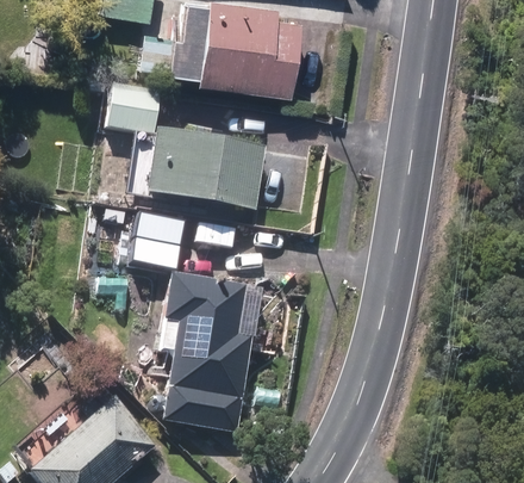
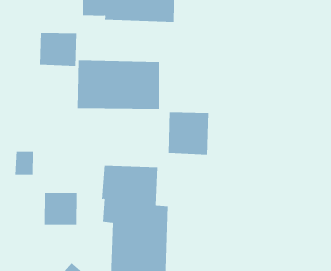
building: none -> [168,112,209,156]
building: [127,221,177,270] -> [44,193,77,225]

